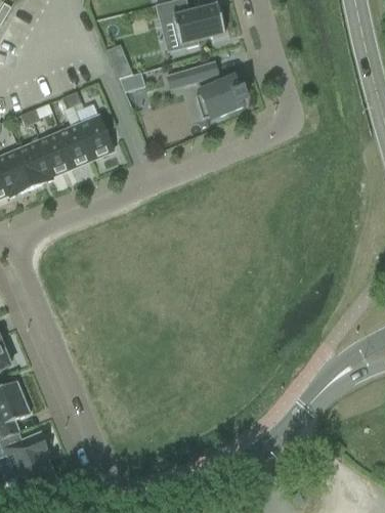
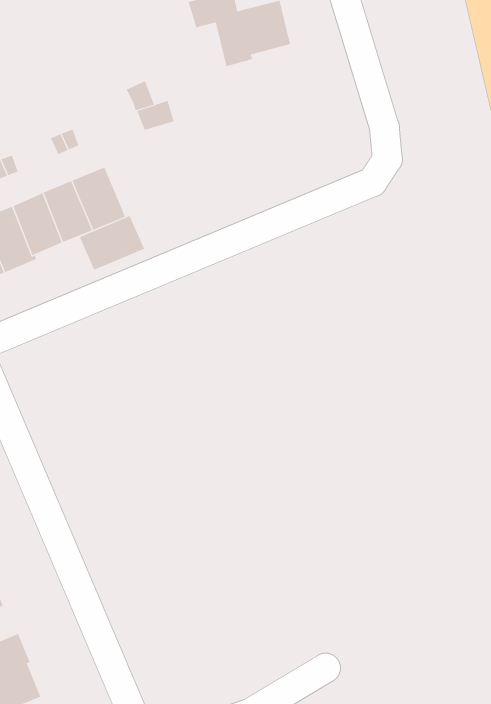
building: [179,59,247,118] -> none
building: none -> [79,215,145,271]

